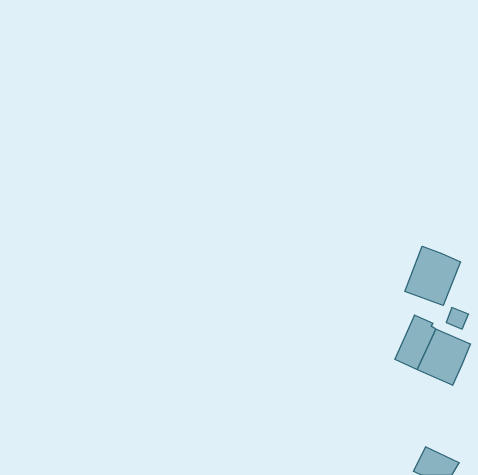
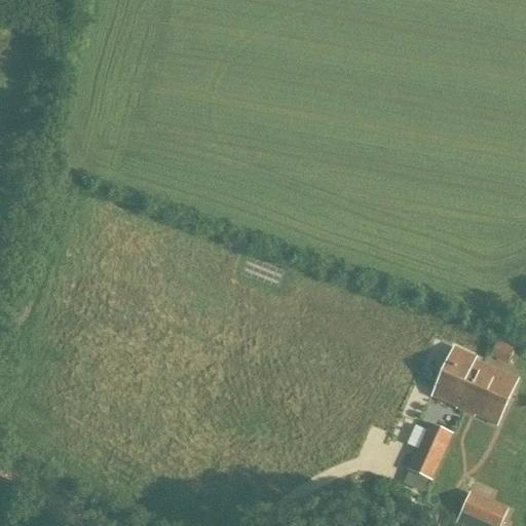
building: [405,246,460,305] -> none
building: none -> [408,420,453,478]

